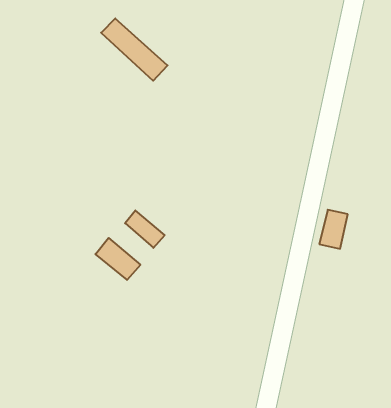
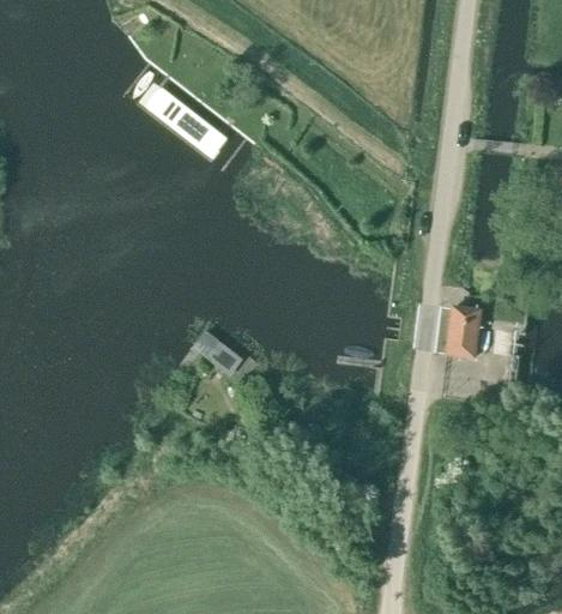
building: [95,238,140,280] -> none

